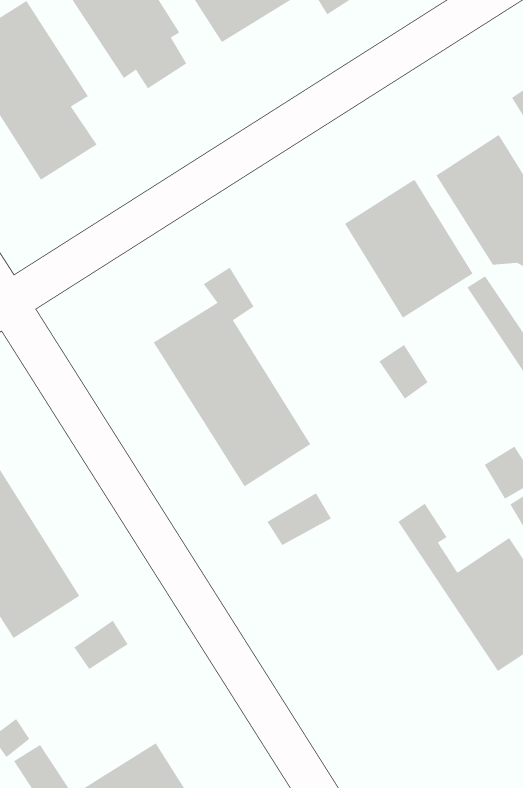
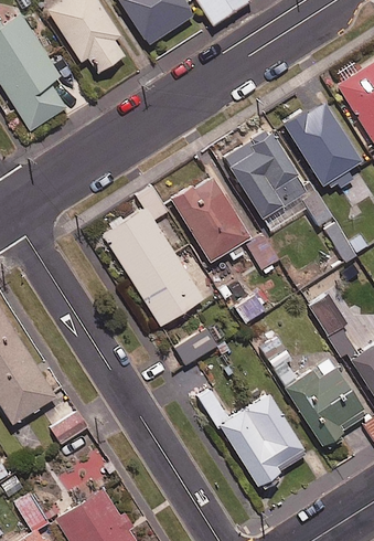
building: none -> [174,180,250,262]
building: none -> [197,388,306,484]

